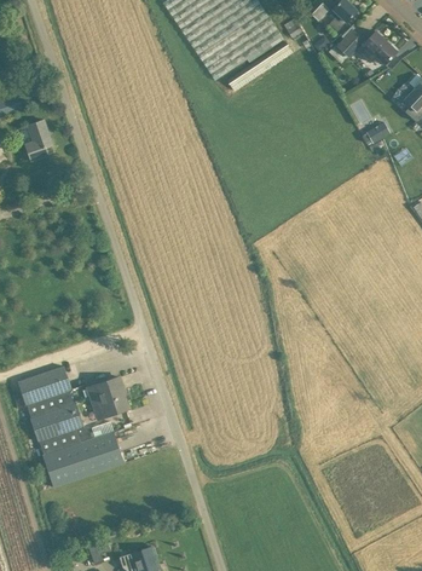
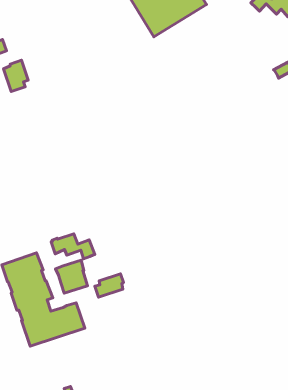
building: none -> [51,234,95,259]
building: none -> [95,274,123,297]

